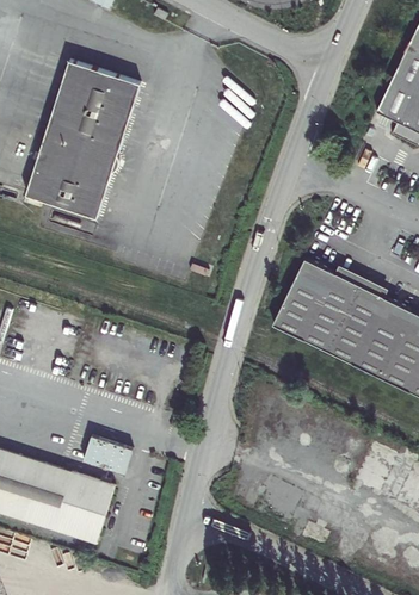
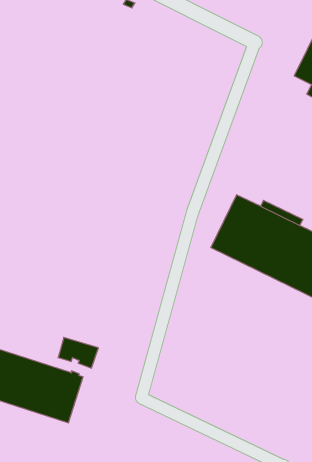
building: [25,61,140,218] -> none

